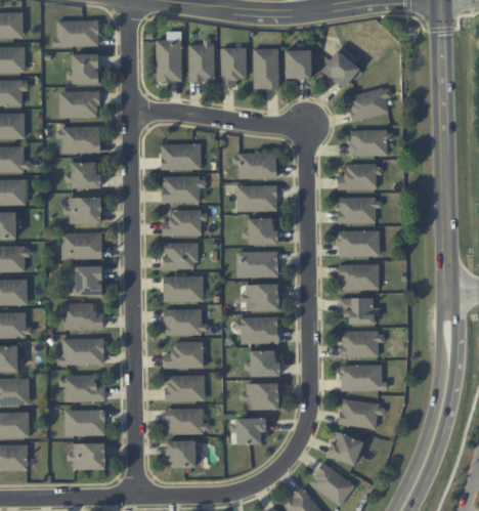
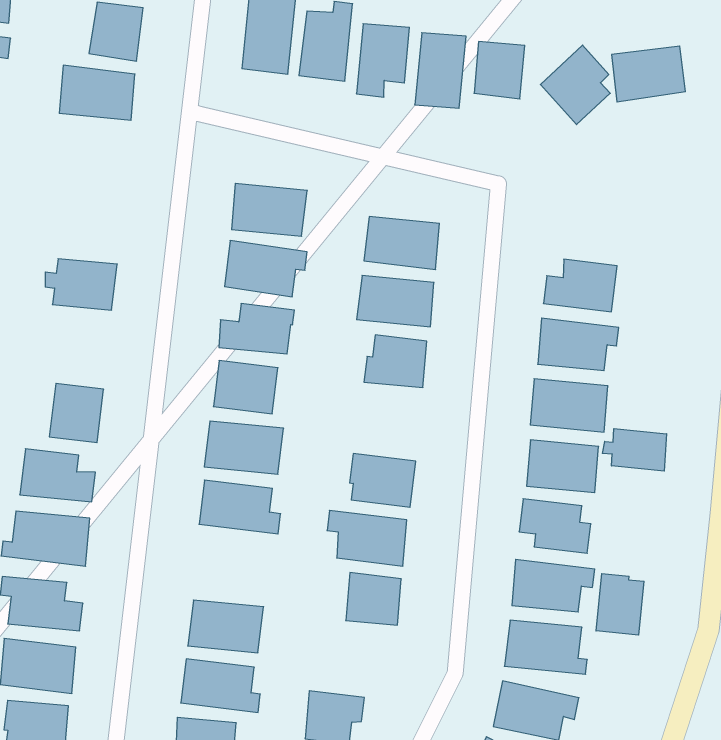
building: [346,87,389,122] -> [612,46,685,102]
building: [55,127,100,153] -> none
building: [350,130,392,156] -> none
building: [71,162,101,188] -> none
building: [61,232,102,259] -> none
building: [236,251,278,278] -> none
building: none -> [602,429,667,471]
building: none -> [596,574,644,635]
building: [164,341,204,369] -> none
building: [241,383,278,410] -> none

